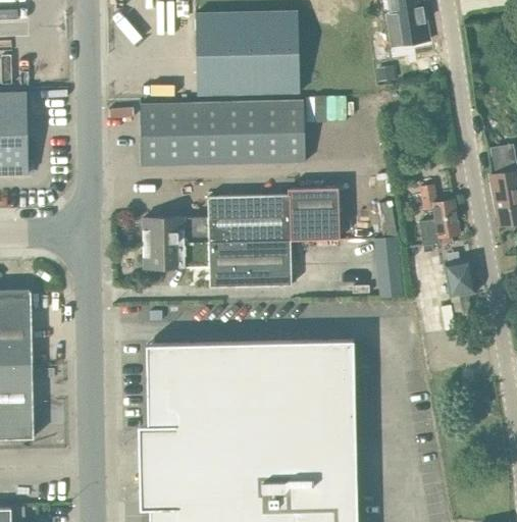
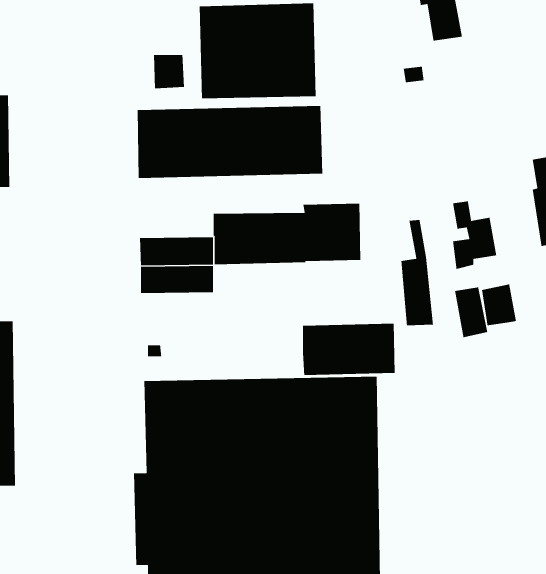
building: none -> [153,54,185,89]
building: [208,241,291,288] -> [302,323,396,376]
building: none -> [454,287,488,338]

